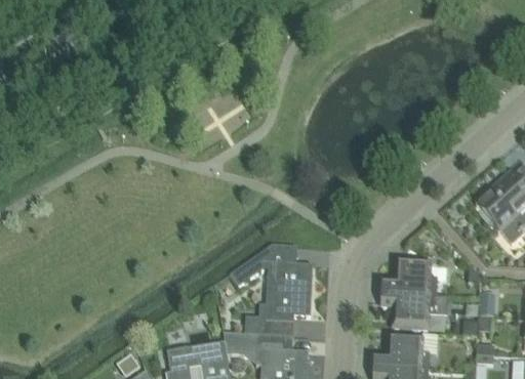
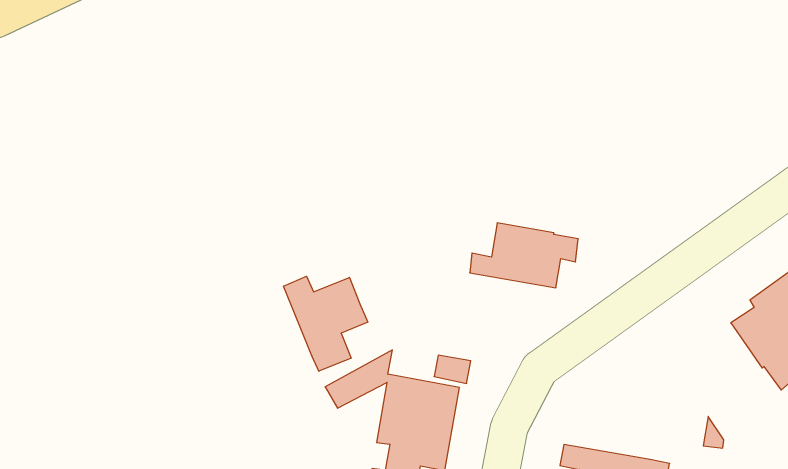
building: none -> [284,276,368,371]
building: [382,259,447,295] -> [470,223,578,288]

